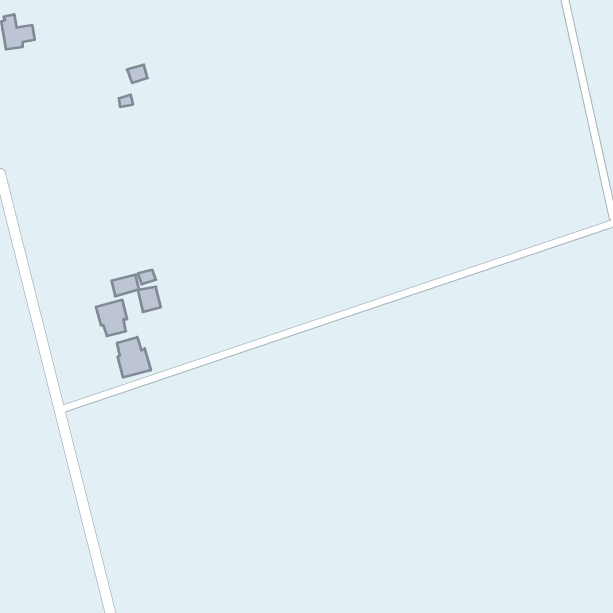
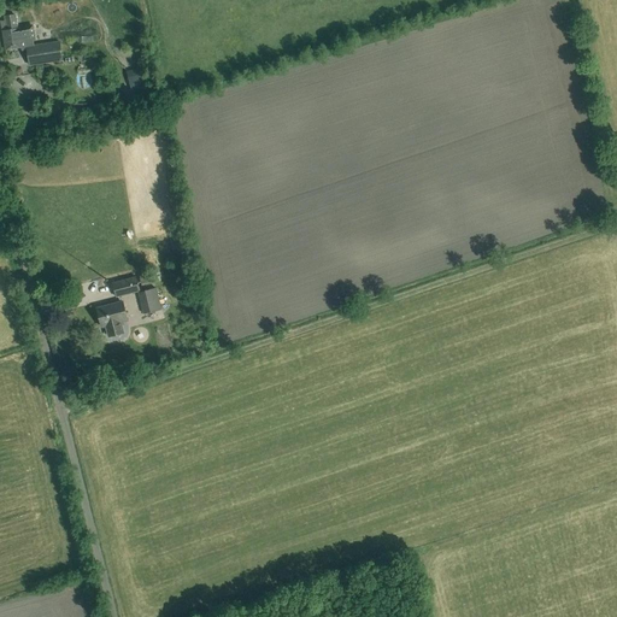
building: none -> [27,41,63,65]
building: [117,337,151,377] -> none

